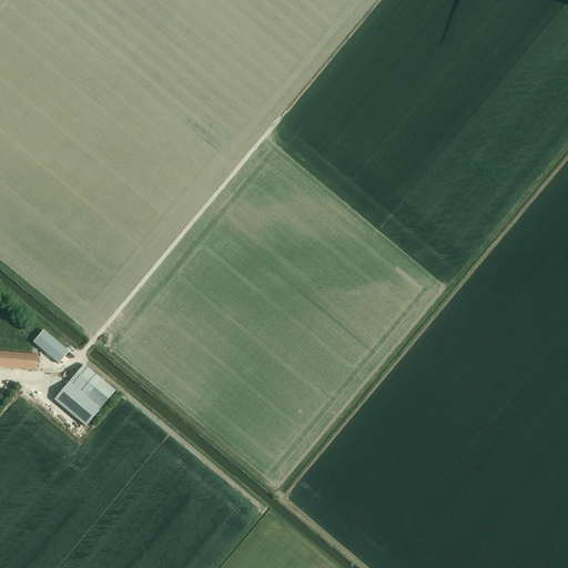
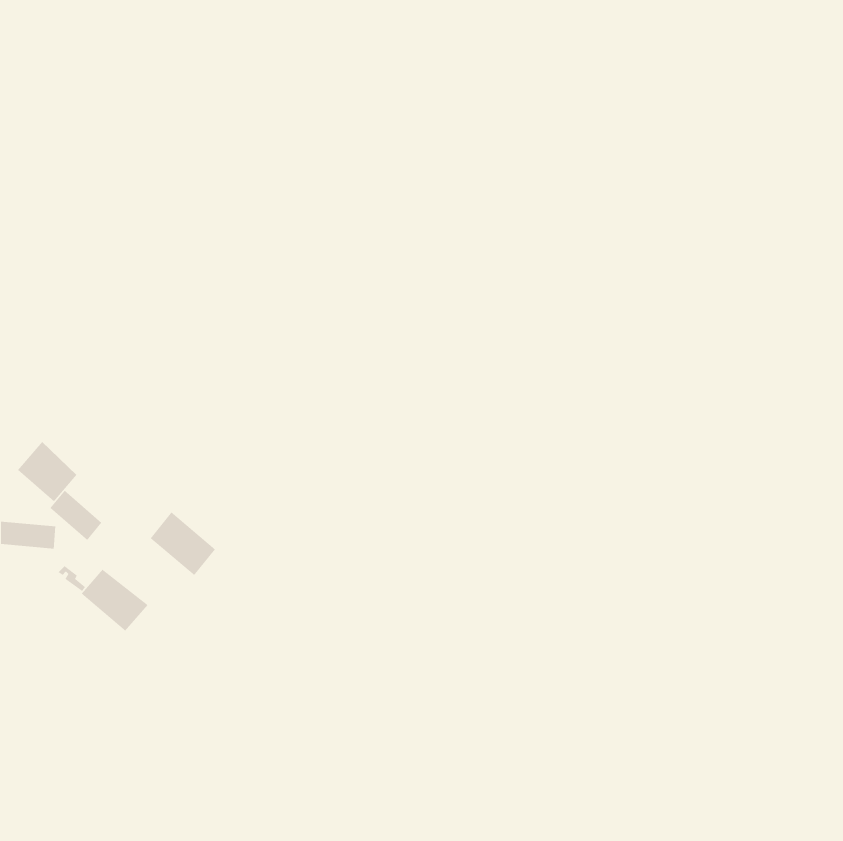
building: none -> [17,441,77,502]
building: [70,364,114,407] -> [150,512,216,576]

